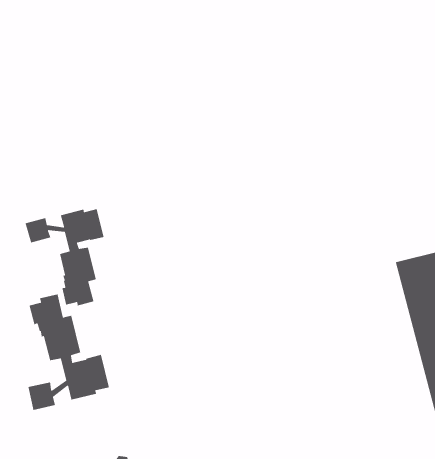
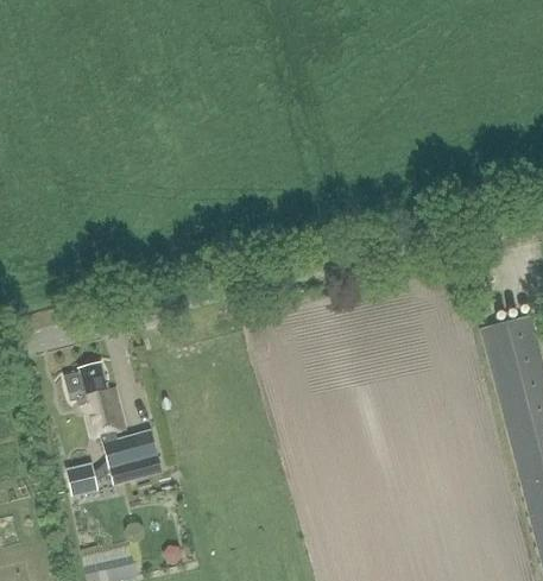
building: [25,208,105,307] -> none

